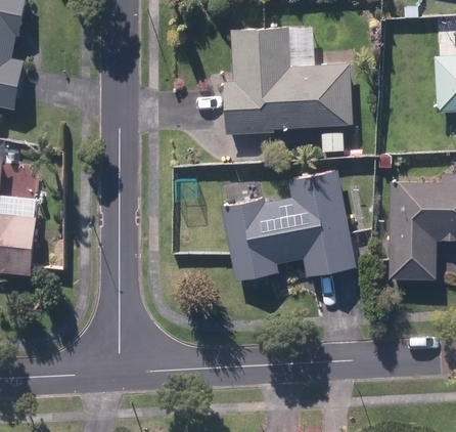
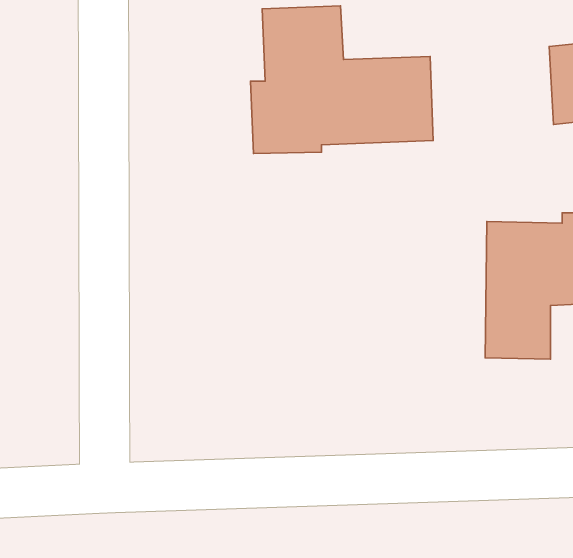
building: [222,170,357,280] -> none

